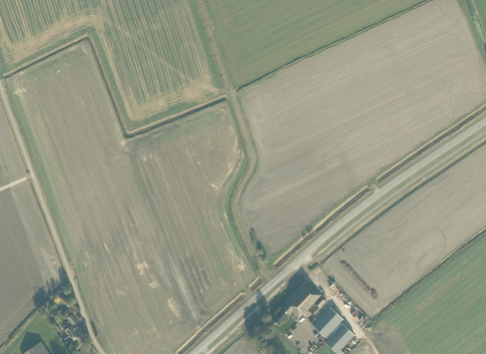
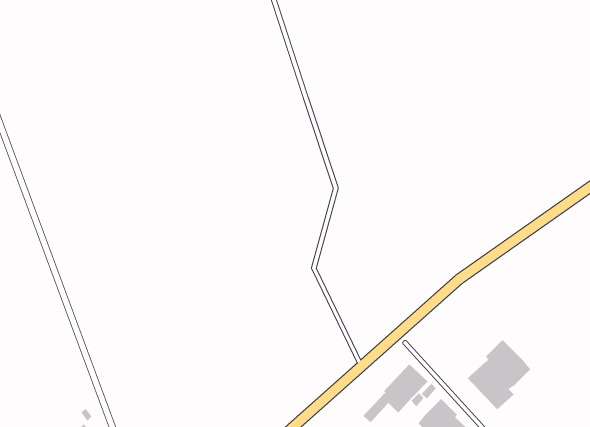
building: none -> [467,339,531,410]

